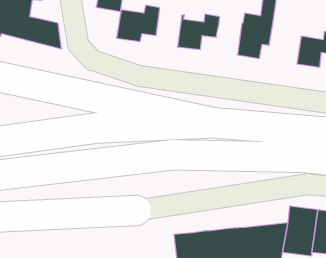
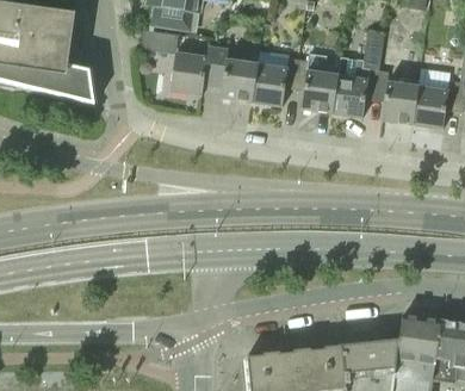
building: none -> [219,56,256,101]
building: none -> [300,67,337,112]
building: none -> [374,70,417,124]

